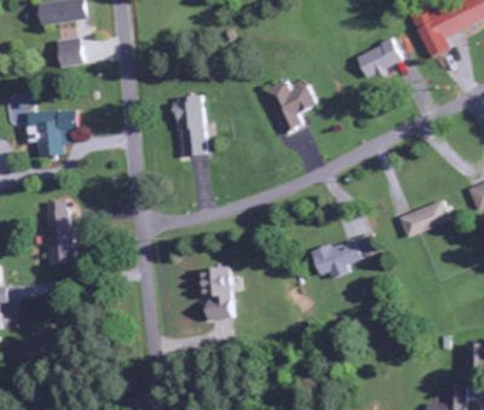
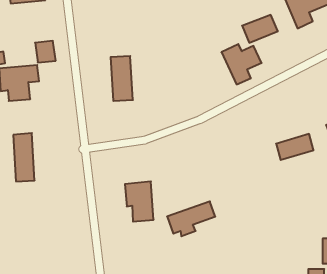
building: [57,37,85,67] -> [35,41,56,62]
building: [264,80,318,134] -> [221,44,262,84]
building: [312,232,378,279] -> [167,201,215,236]

